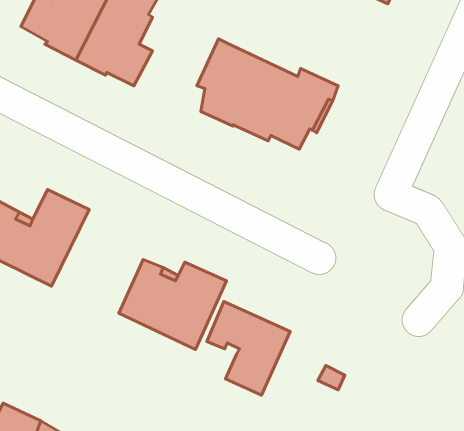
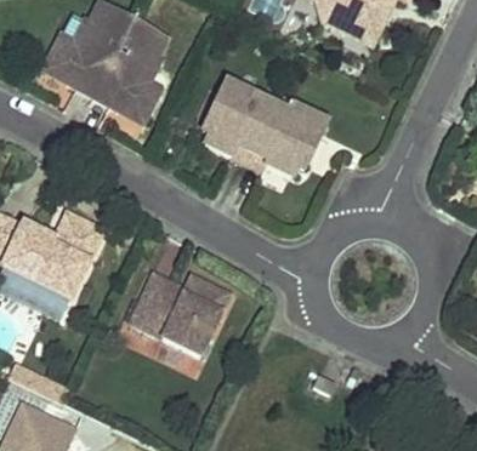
building: [207,302,290,395] -> none

